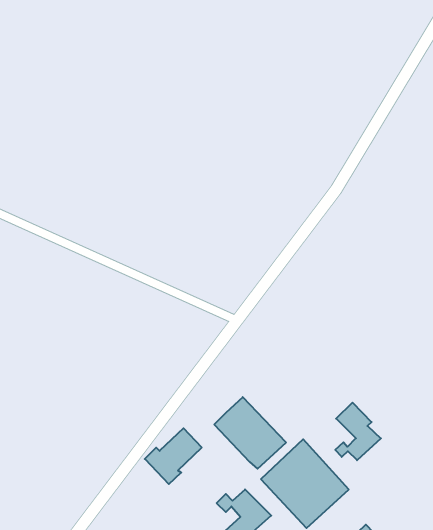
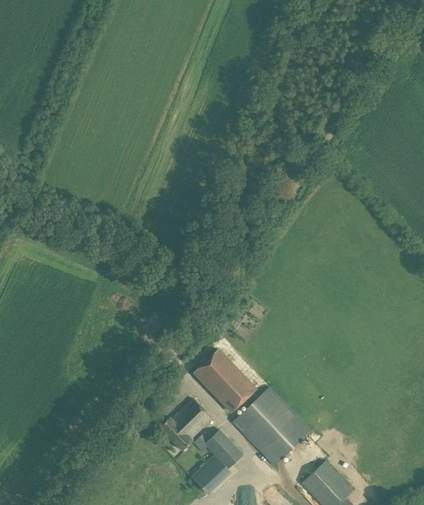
building: [335,403,381,460] -> none
building: [145,428,202,484] -> [161,401,211,450]

